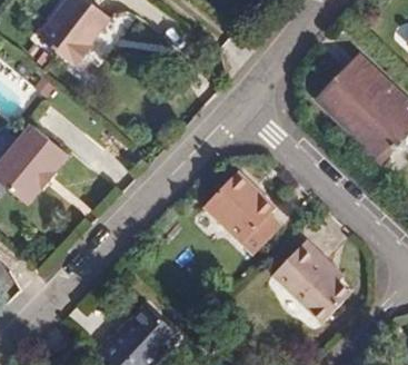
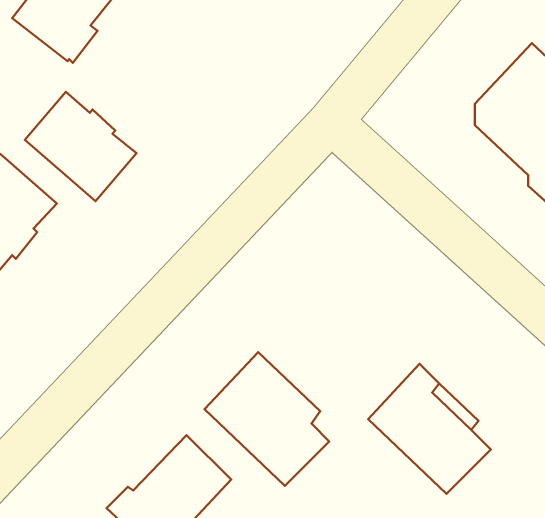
building: none -> [25,92,136,201]
building: [193,181,271,265] -> [205,352,329,486]

